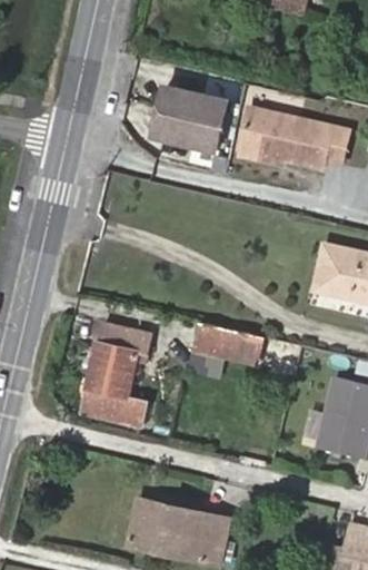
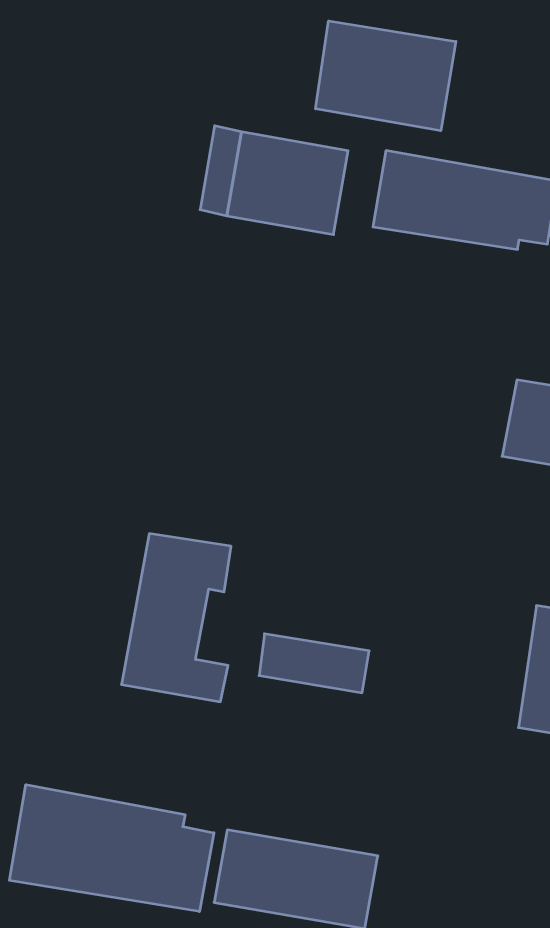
building: none -> [316,21,456,131]
building: [197,325,262,363] -> [259,634,369,693]
building: none -> [9,785,214,912]

